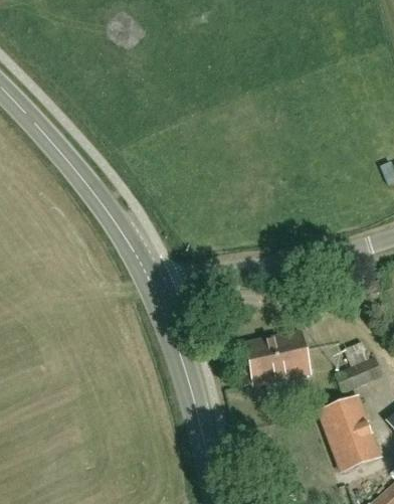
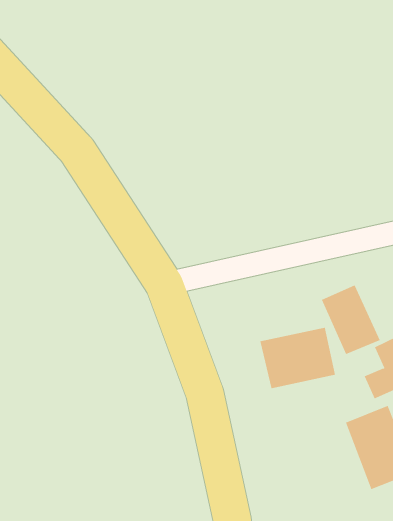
building: none -> [321,284,380,355]

